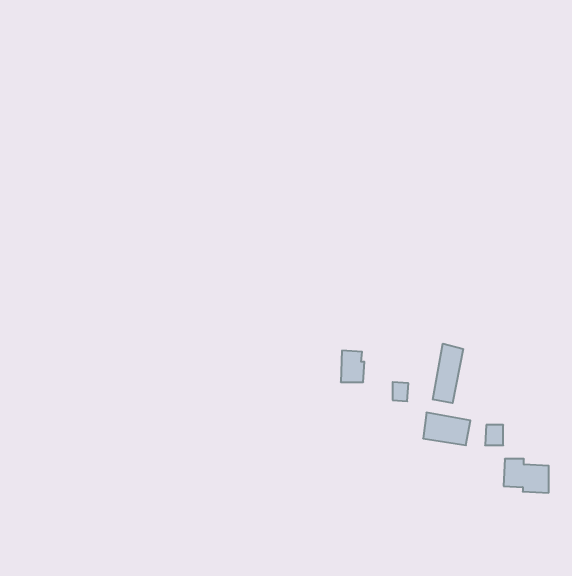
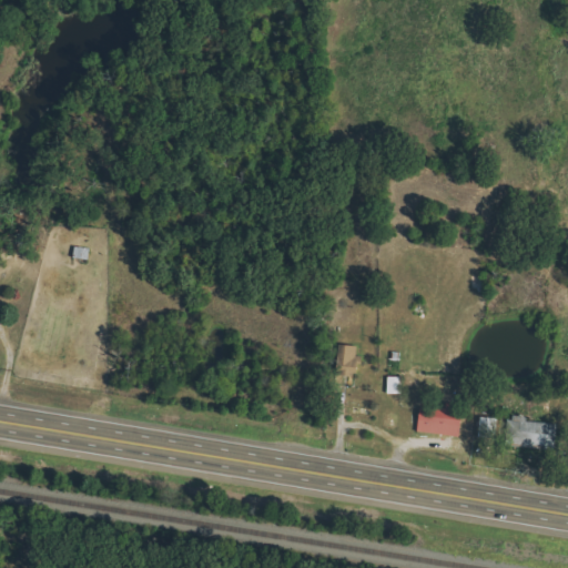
building: [433,344,463,403] -> none
building: [504,459,549,493] -> [506,417,550,450]

